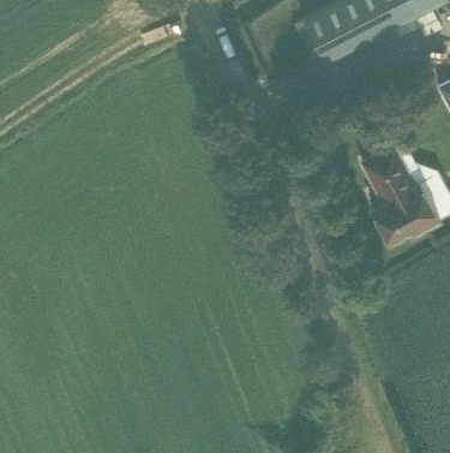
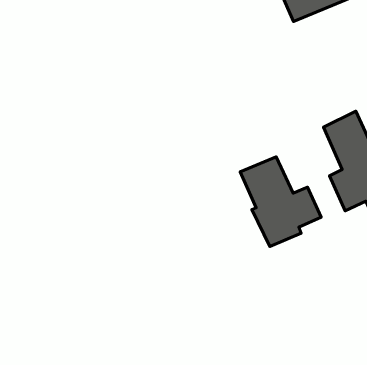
building: none -> [240,157,321,246]

